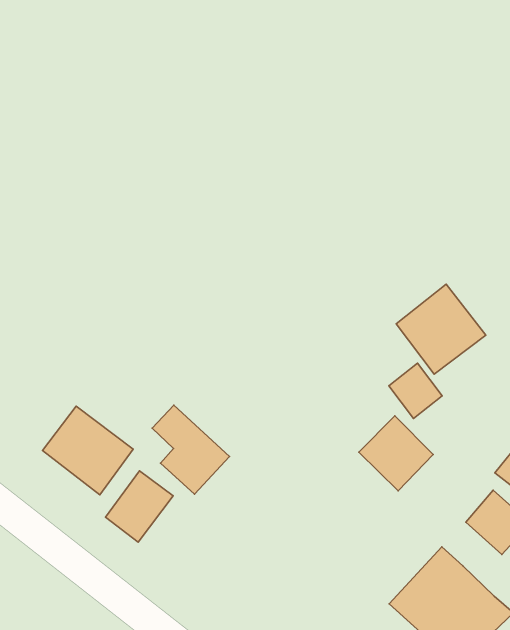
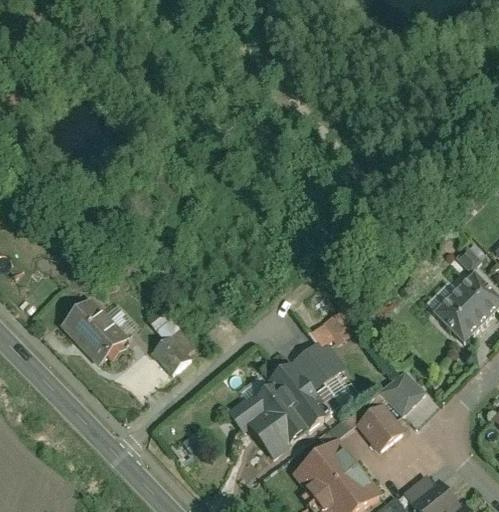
building: [396,284,486,374] -> none
building: none -> [228,367,326,458]
building: [105,471,173,542] -> none

